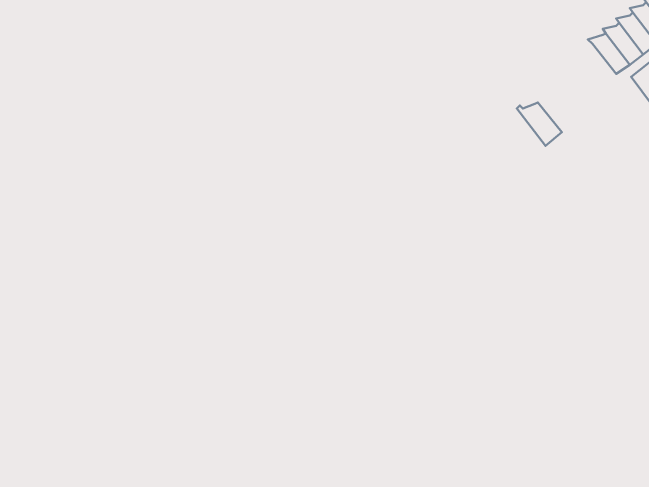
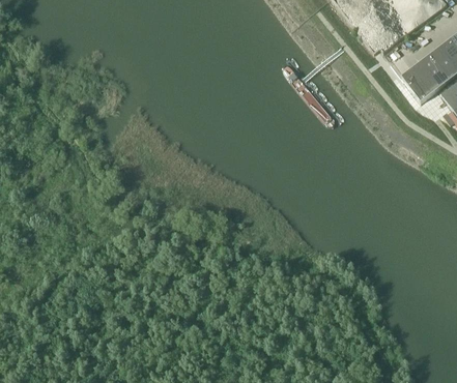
building: [517,102,562,146] -> [401,70,432,100]

